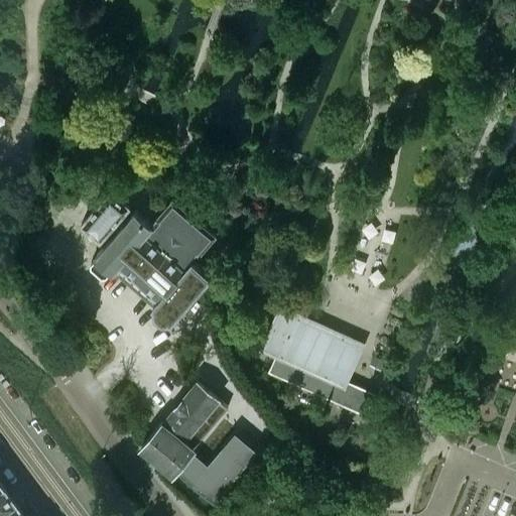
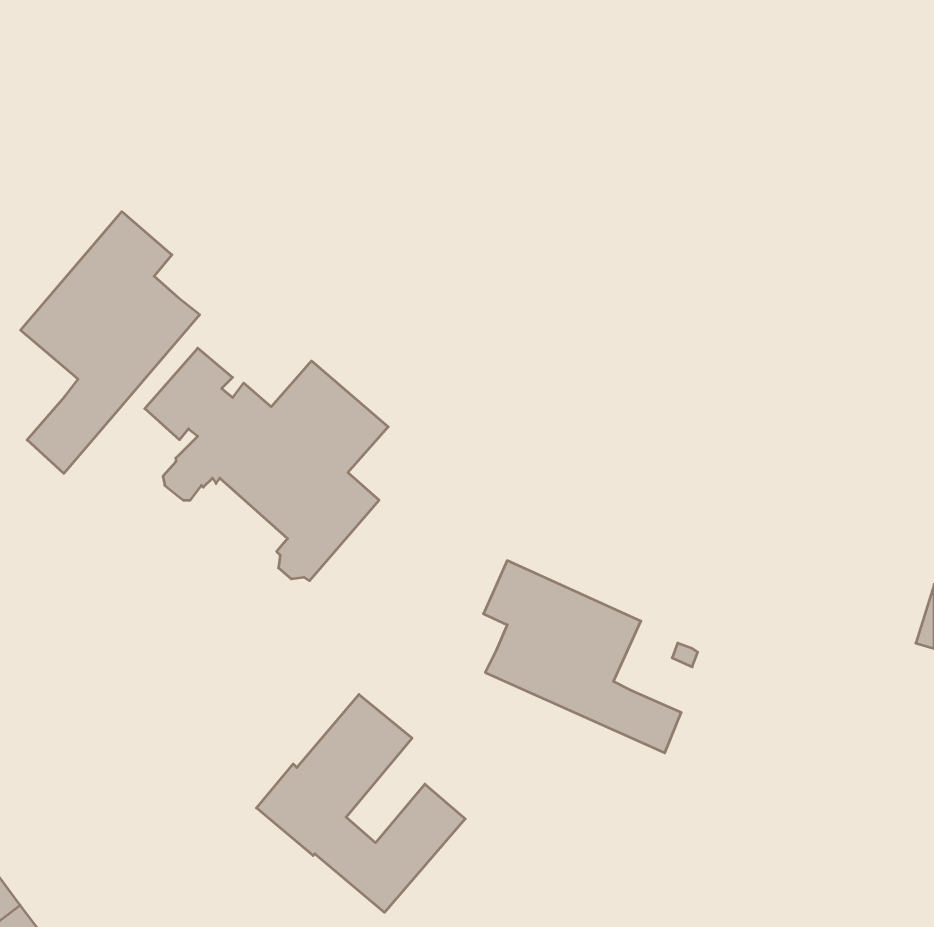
building: none -> [21,212,200,473]

